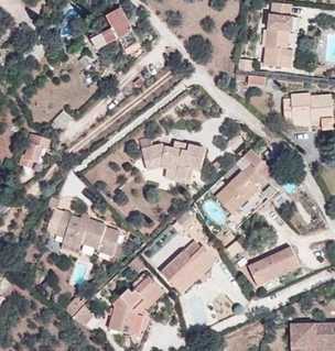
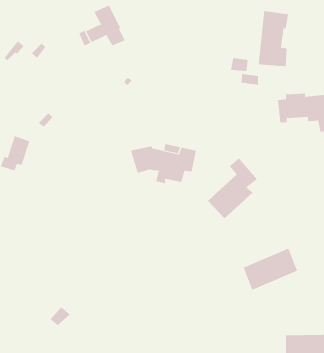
building: [55,209,120,255] -> none
building: [161,240,217,293] -> none
building: [109,275,164,334] -> none

